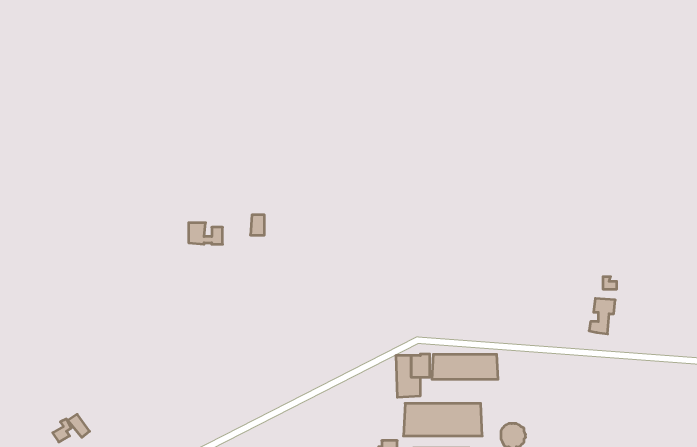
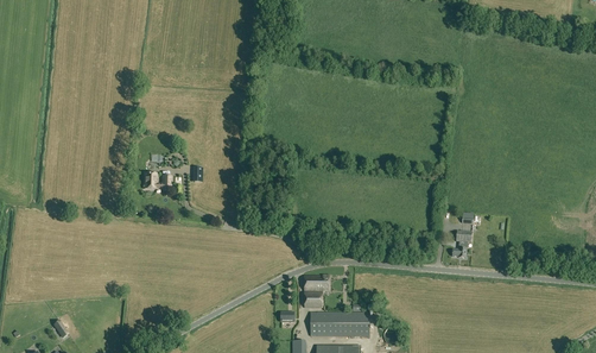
building: [432,354,498,379] -> none

